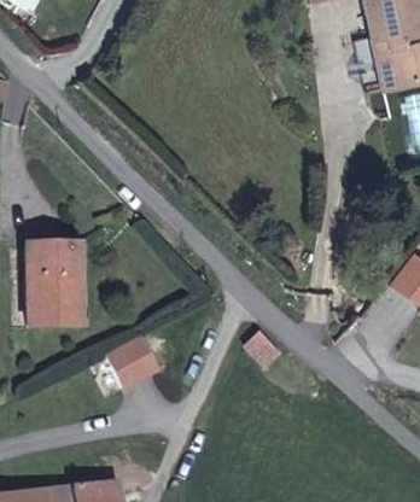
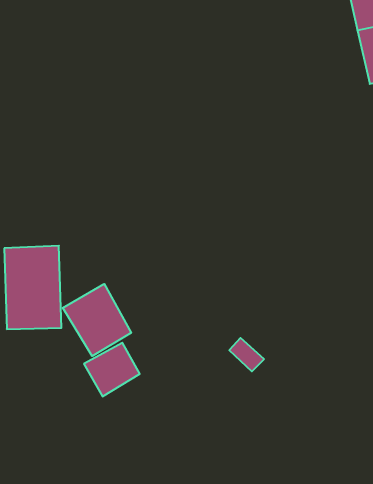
building: none -> [63,284,131,356]

